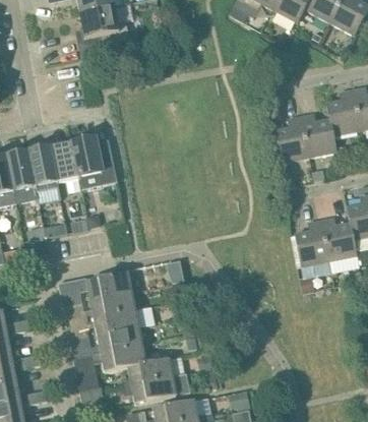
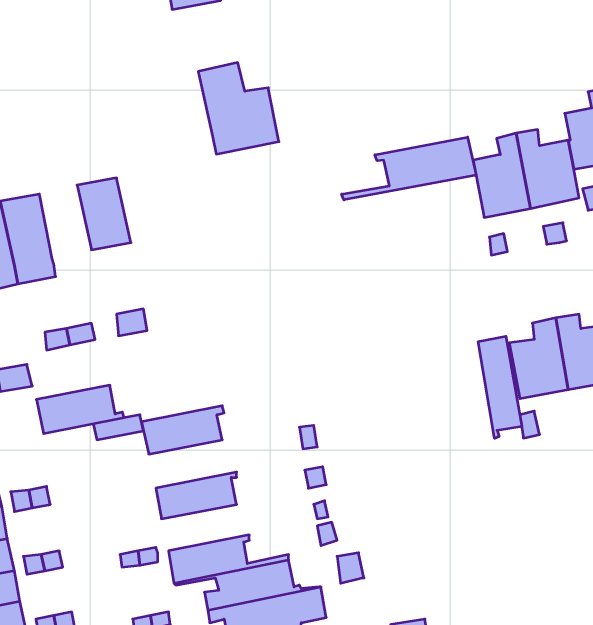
building: none -> [342,137,476,200]
building: [71,136,117,188] -> [198,63,279,154]
building: [27,145,57,190] -> none
building: none -> [478,336,522,438]
building: [89,290,139,317] -> [36,385,124,434]
building: [97,326,146,353] -> none

